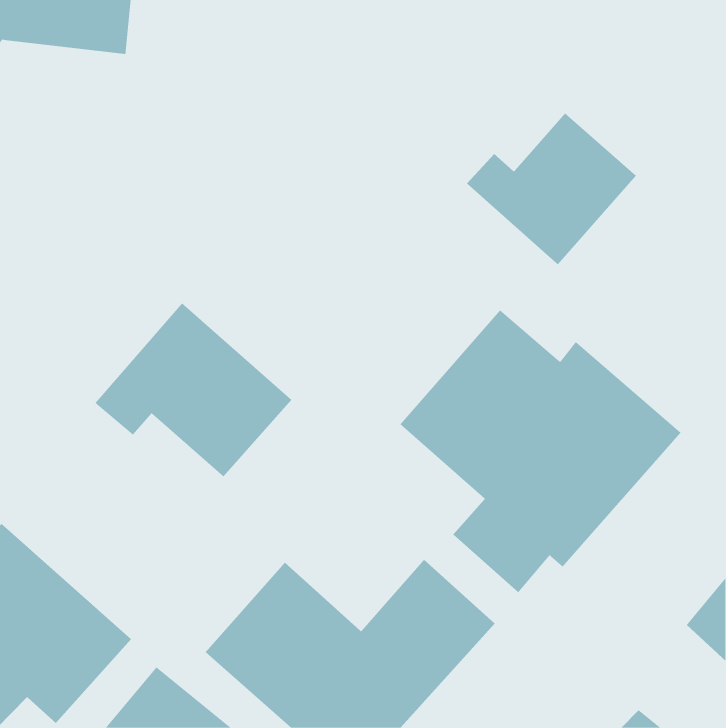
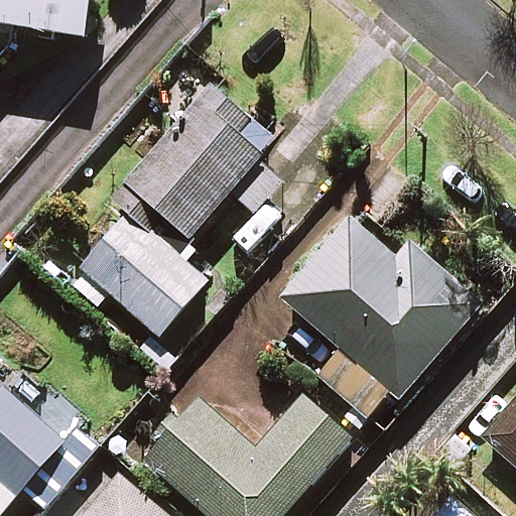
building: [466,113,637,265] -> none
building: none -> [127,87,274,239]

